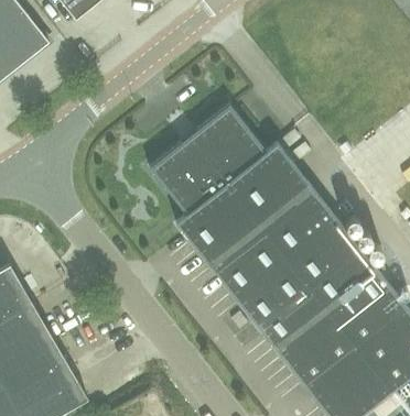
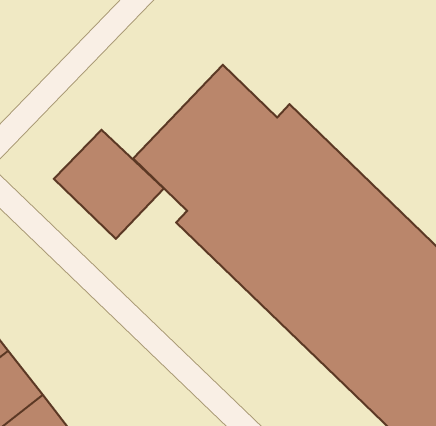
building: none -> [54,130,164,239]

